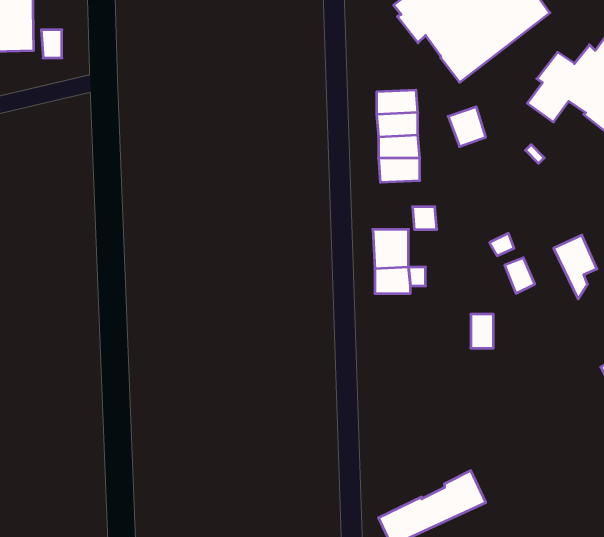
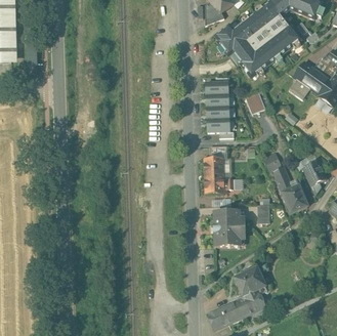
building: none -> [281,184,306,212]
building: none -> [212,210,244,245]
building: none -> [234,266,264,295]

